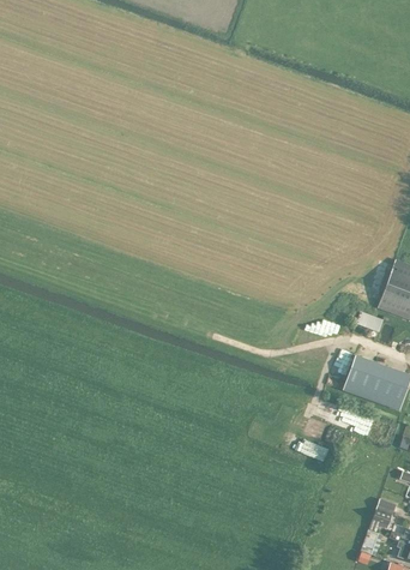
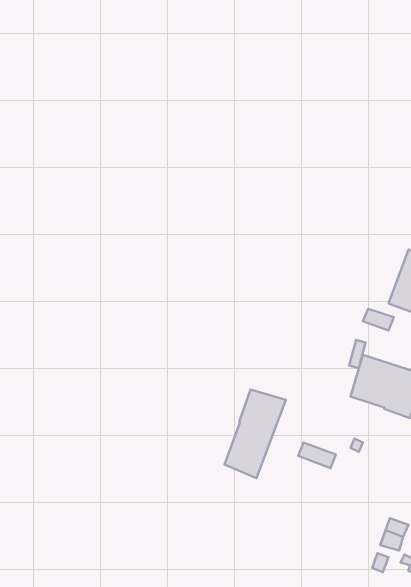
building: none -> [224,390,286,478]

